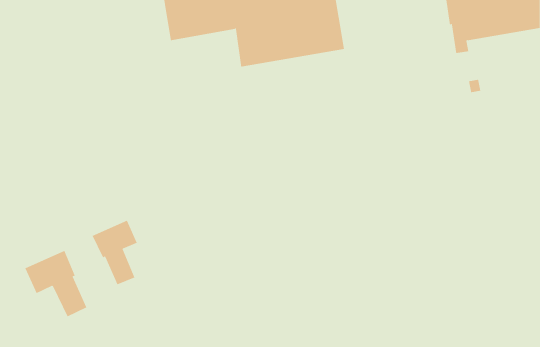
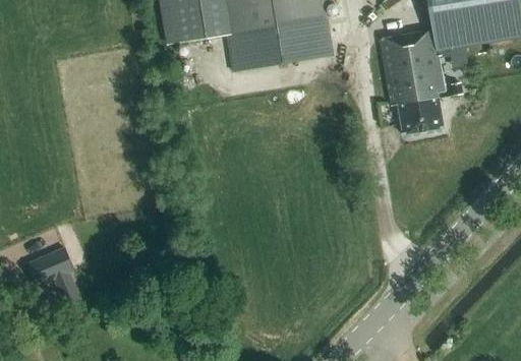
building: none -> [380,28,445,133]
building: [92,220,137,285] -> none

